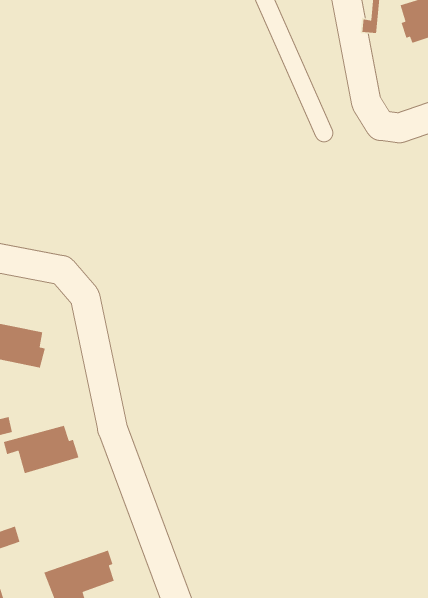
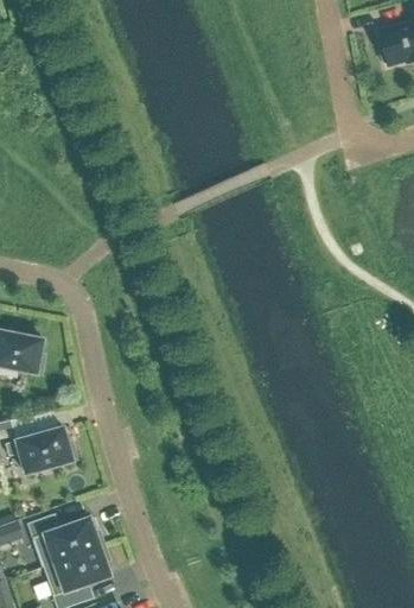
building: none -> [27,512,104,565]

